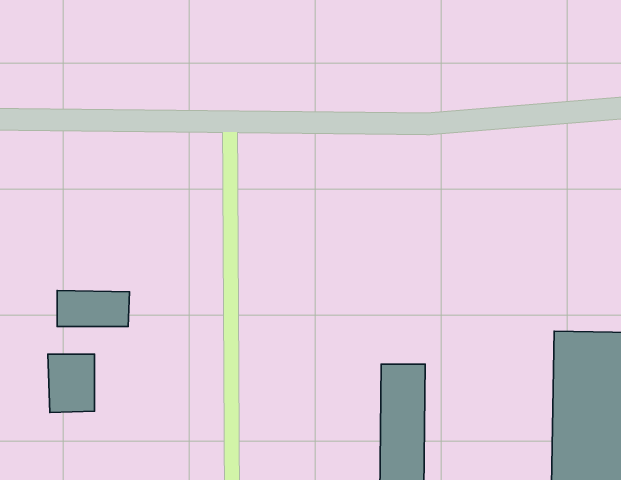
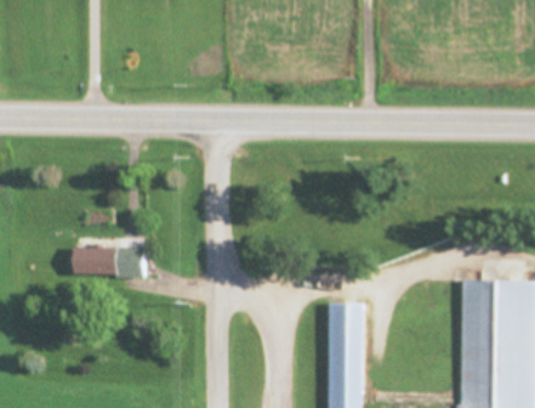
building: [48,354,94,412] -> none

